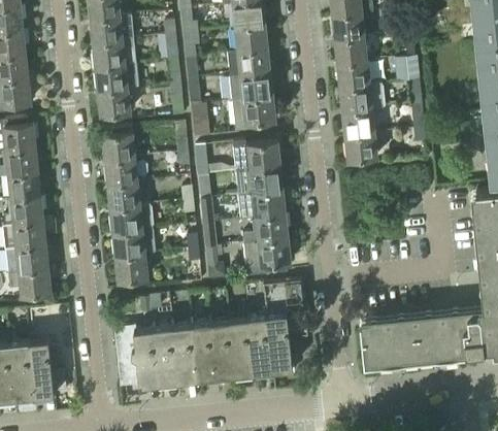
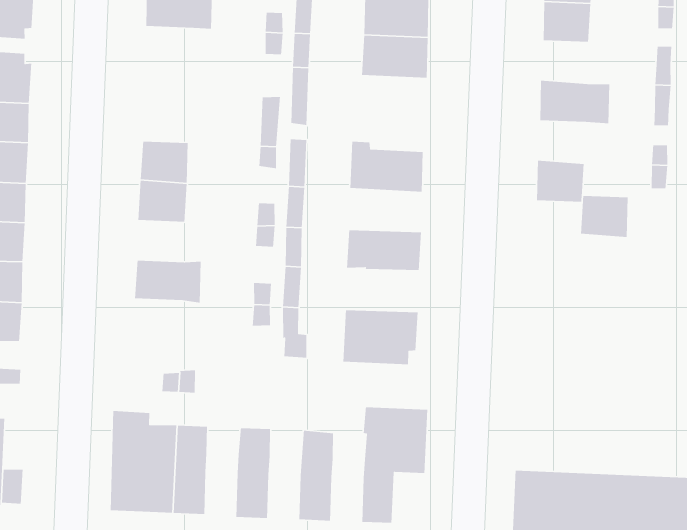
building: [338,62,369,89] -> none
building: [98,89,129,117] -> none
building: [232,98,274,131] -> none
building: [343,110,374,137] -> [580,195,629,238]
building: [103,127,134,161] -> none
building: [235,167,283,196] -> none
building: [110,205,153,233] -> none
building: [242,214,288,244] -> none
building: [115,254,146,281] -> none
building: [262,280,302,301] -> none
building: [247,318,272,373] -> none
building: [209,321,234,377] -> none
building: [171,325,196,380] -> none

